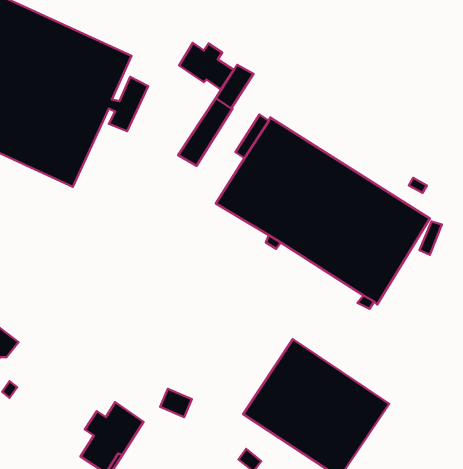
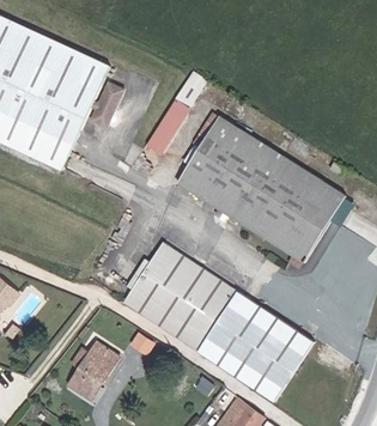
building: [179,43,234,89] -> none
building: none -> [123,242,237,351]

